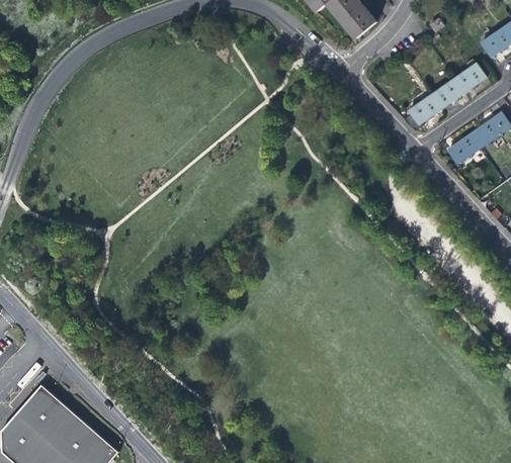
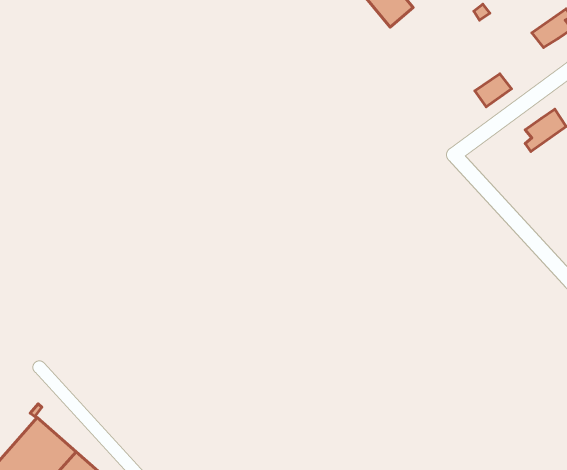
building: [451,65,484,93] -> none
building: [407,95,439,124] -> none
building: [445,129,480,165] -> none

